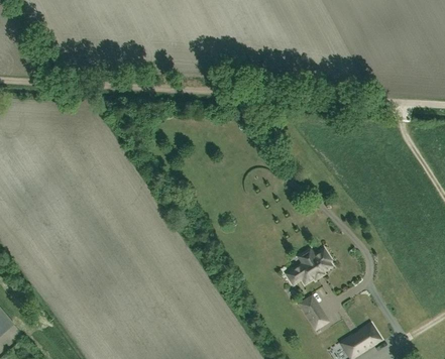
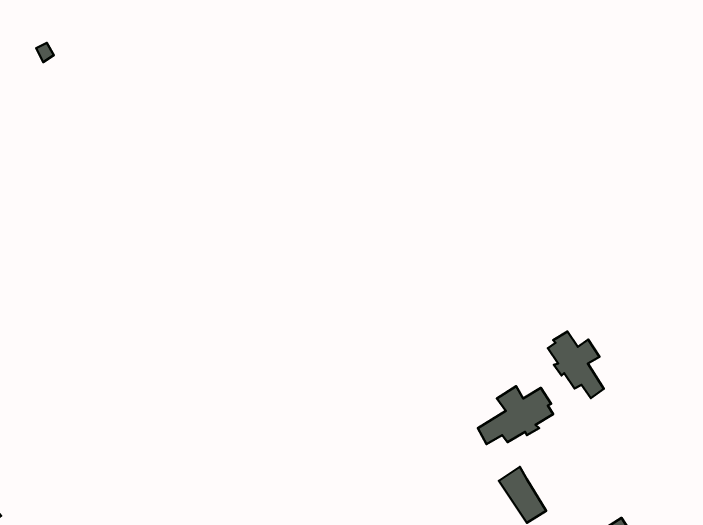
building: none -> [548,331,604,398]

